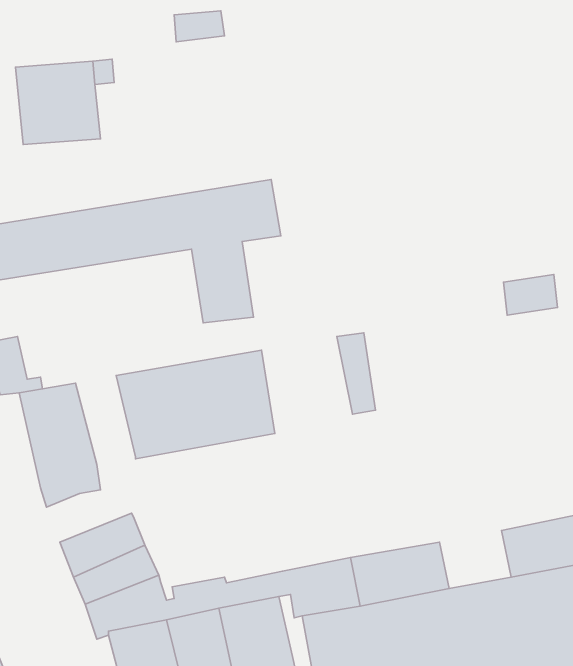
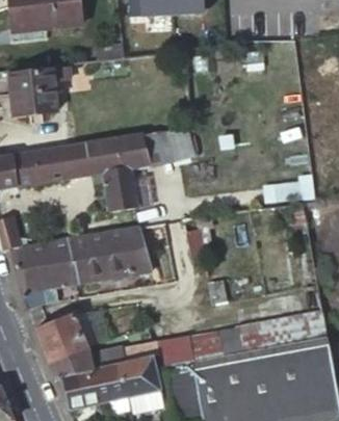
building: none -> [149,128,191,164]
building: none -> [44,239,76,287]
building: none -> [239,322,278,353]

